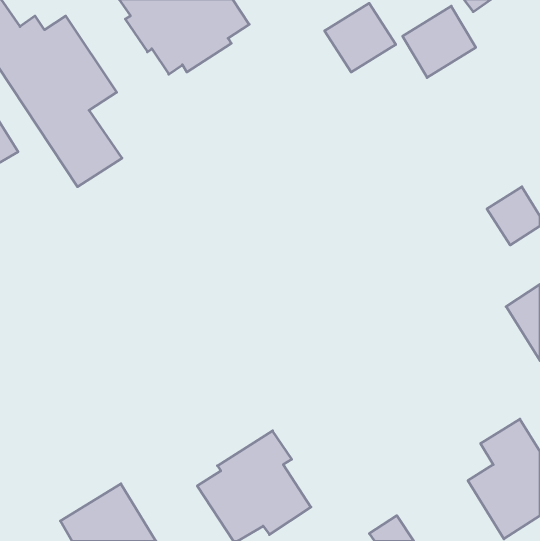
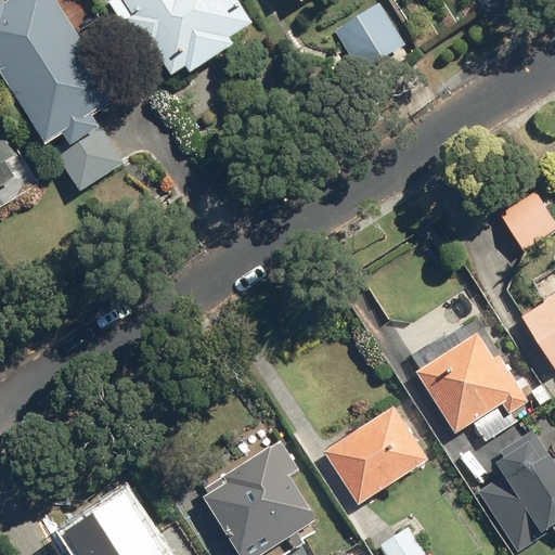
building: [403,6,476,78] -> none
building: none -> [414,332,528,434]
building: none -> [322,405,428,505]

